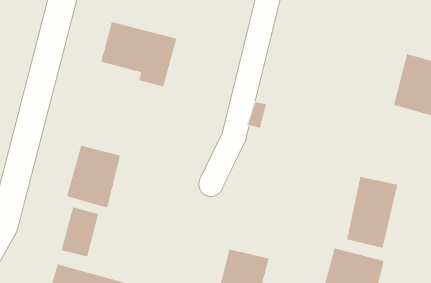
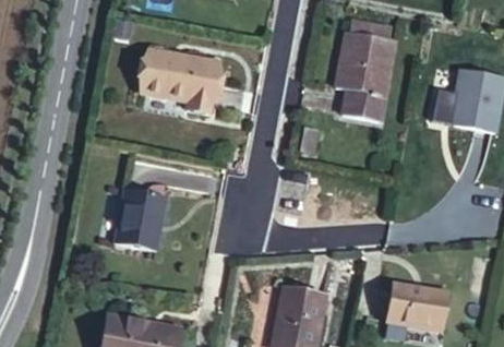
building: none -> [324,32,385,123]
building: [346,176,398,249] -> none
building: [61,207,99,257] -> none

